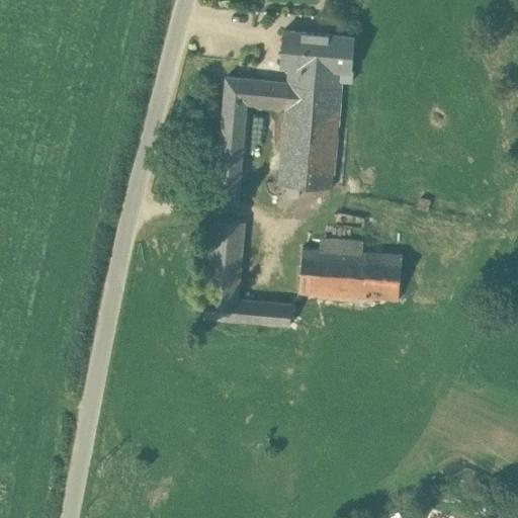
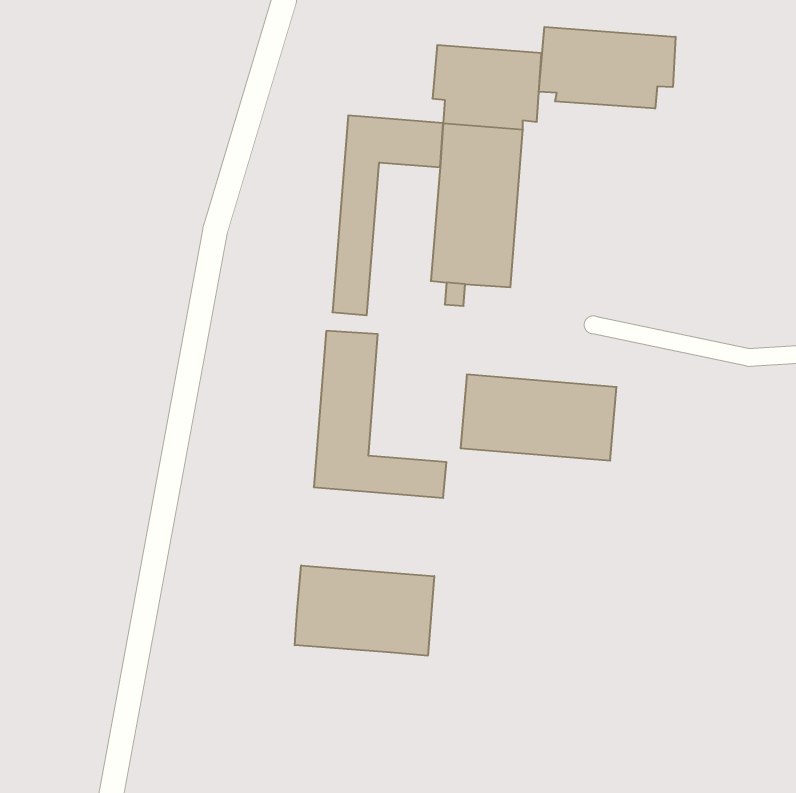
building: none -> [539,27,676,109]
building: none -> [295,565,434,656]

